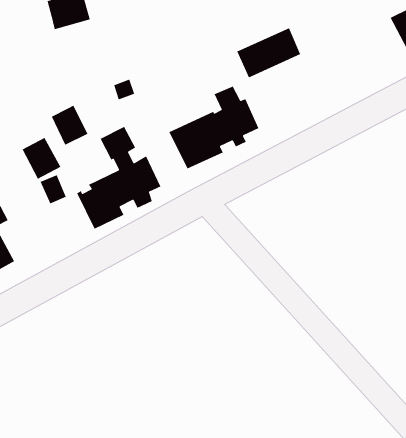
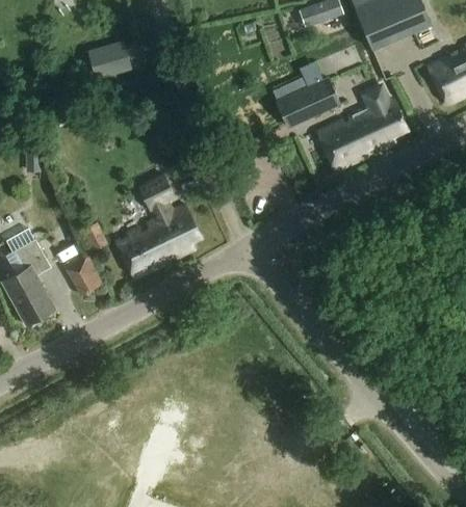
building: [168,85,260,170] -> [317,87,408,170]
building: [50,104,88,146] -> none
building: [22,137,62,180] -> [64,253,104,296]

